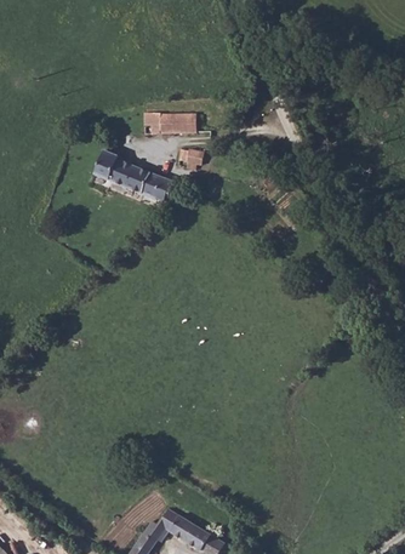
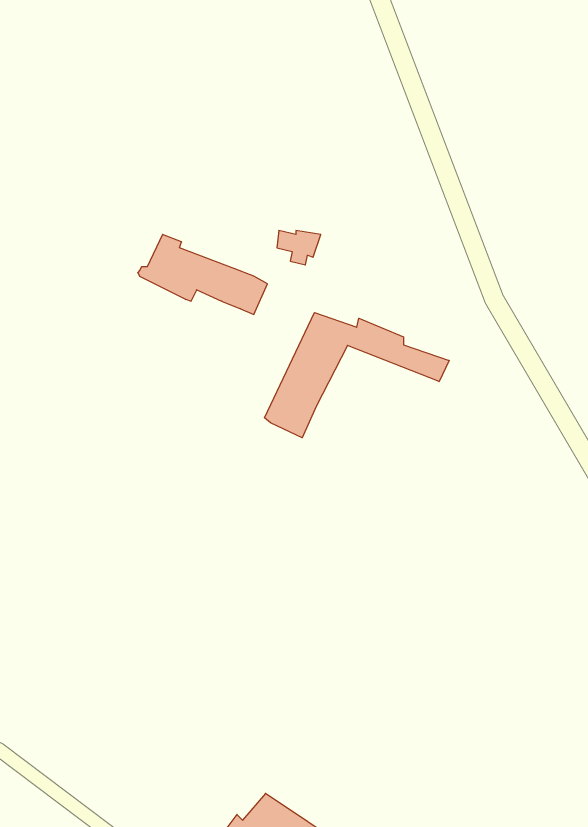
building: [142,114,195,137] -> none
building: none -> [265,313,449,438]

